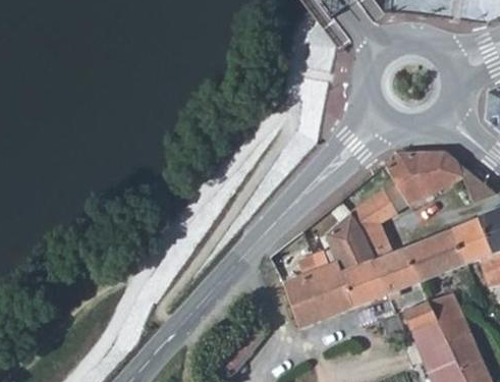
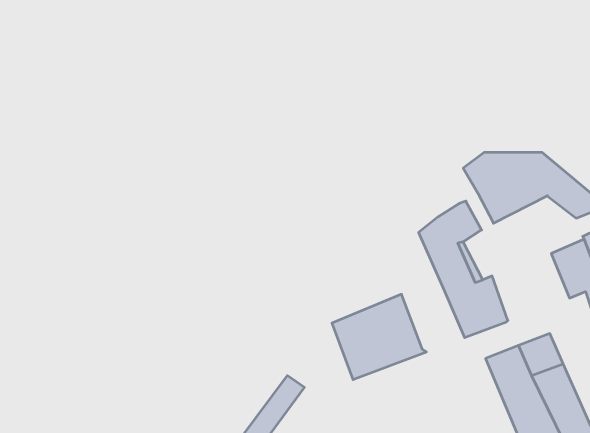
building: [327,213,386,306] -> none
building: [407,229,467,281] -> none

